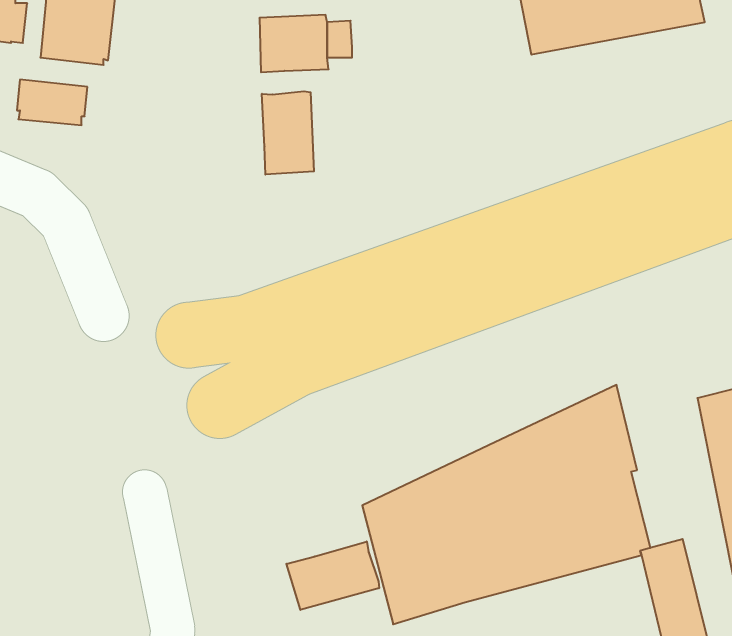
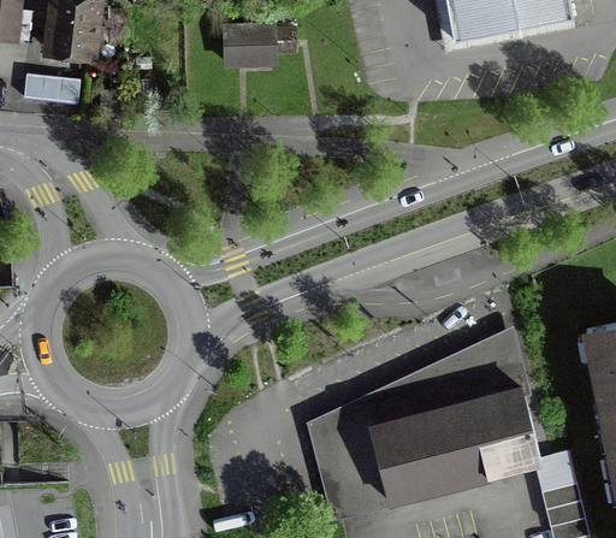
building: [262,91,314,175] -> none
building: [286,541,379,610] -> none

